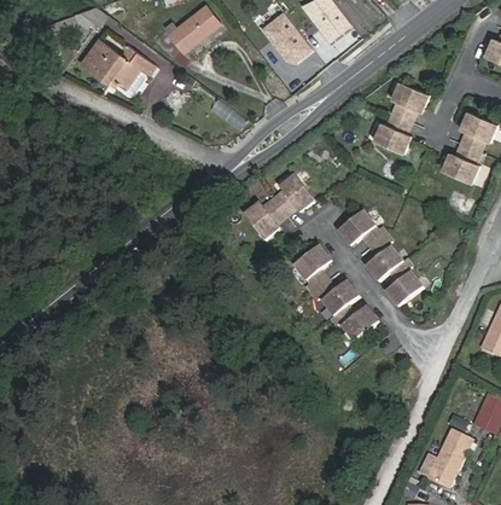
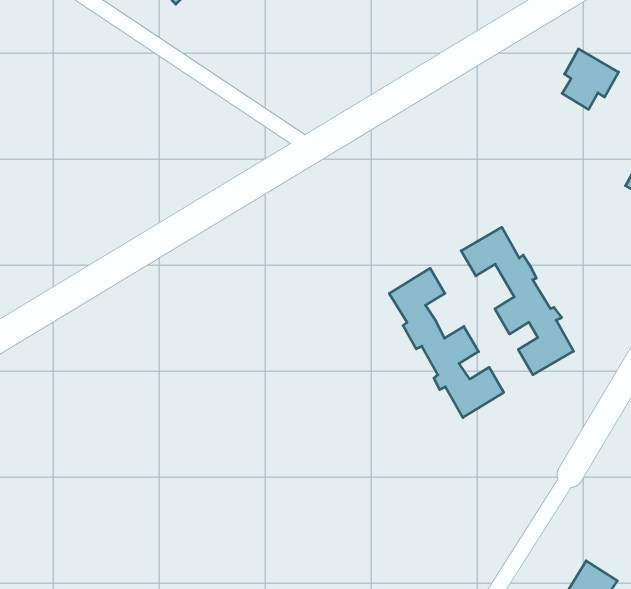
building: [374,115,412,155] -> none
building: [244,174,314,239] -> none

